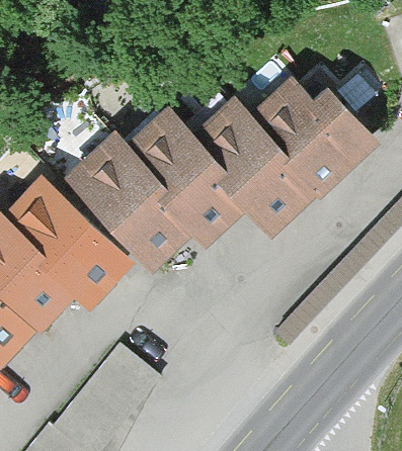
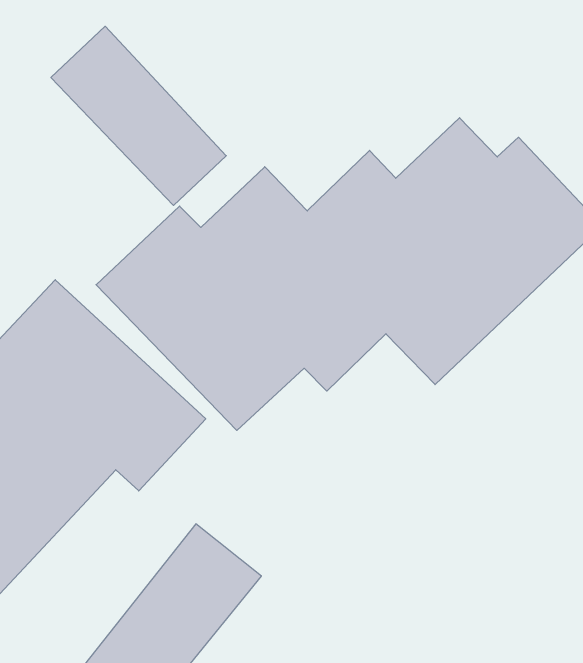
building: none -> [51,26,226,205]

